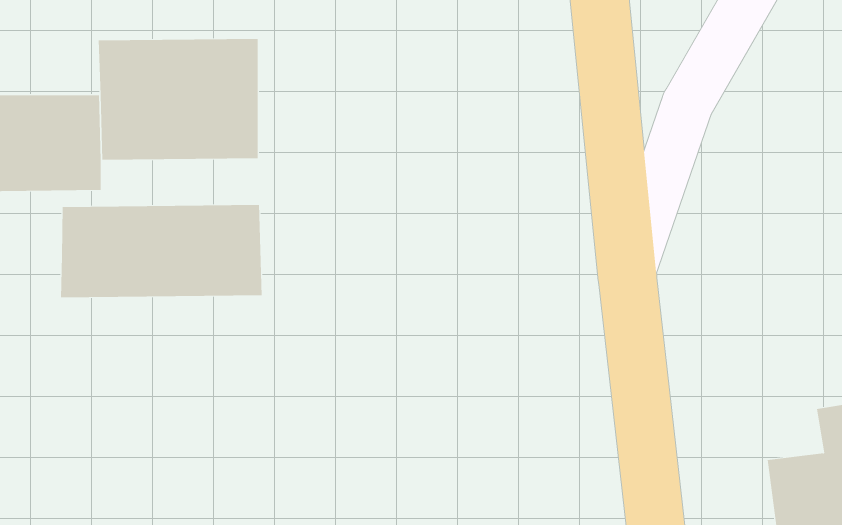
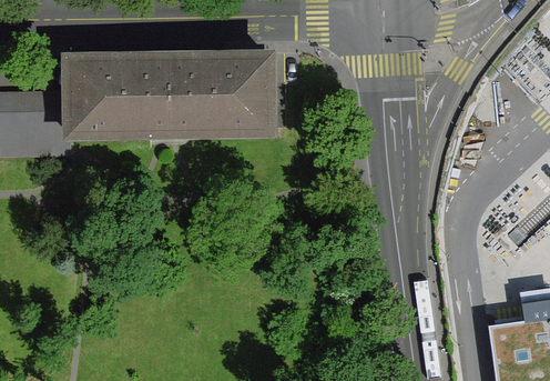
building: none -> [171,57,274,133]
building: [60,204,262,298] -> none

